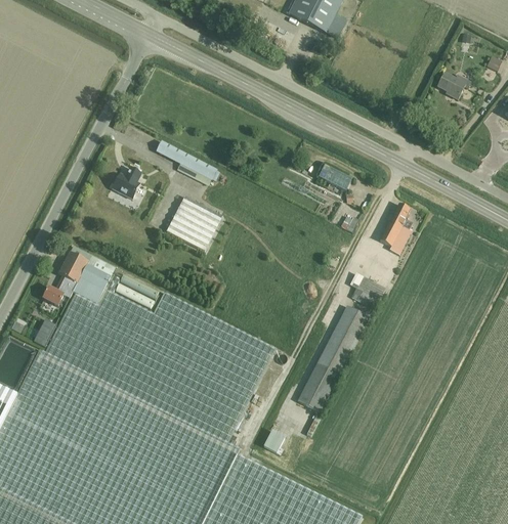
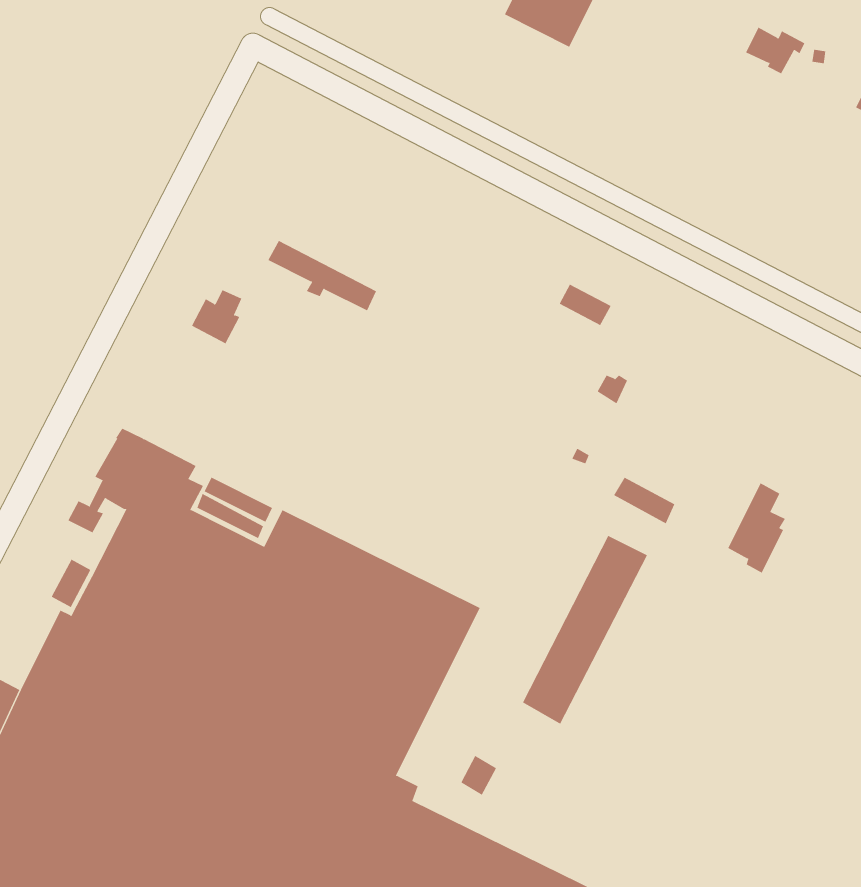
building: [436,74,470,100] -> [745,27,805,74]
building: [164,196,220,252] -> none
building: [379,205,412,256] -> [727,483,786,574]

